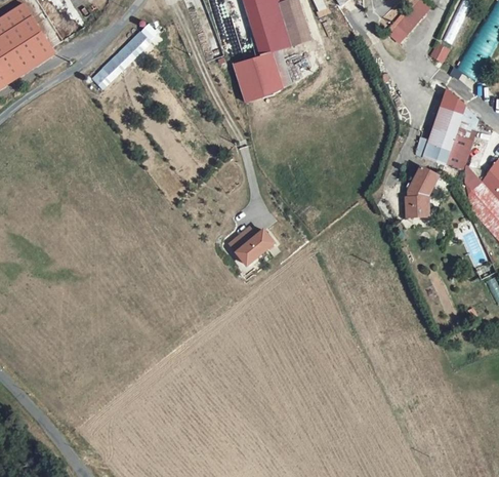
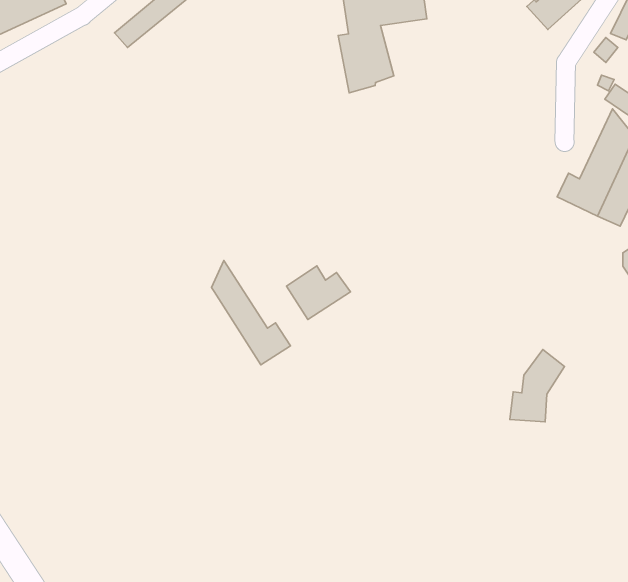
building: [232,59,262,104] -> none
building: [404,167,438,218] -> [510,349,564,422]
building: none -> [212,260,291,365]

